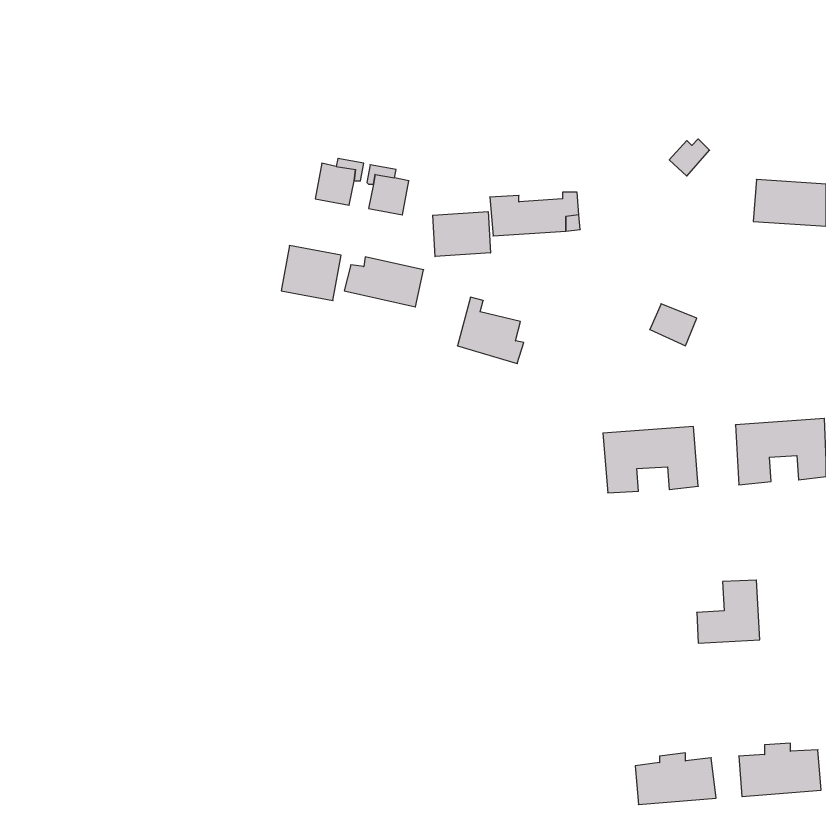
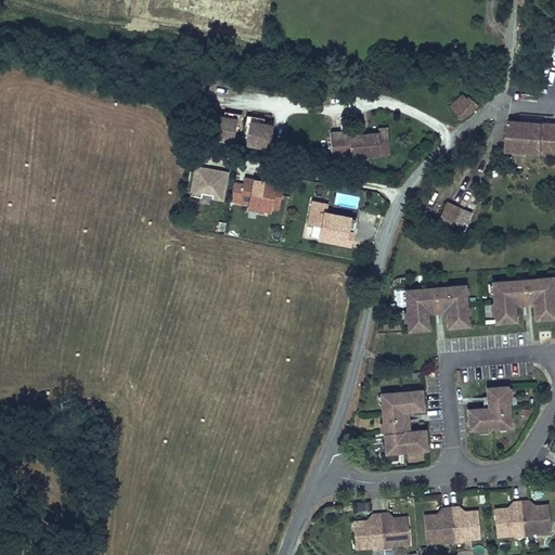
building: [433,212,490,257] -> none
building: none -> [382,393,424,455]
building: none -> [354,513,410,545]

